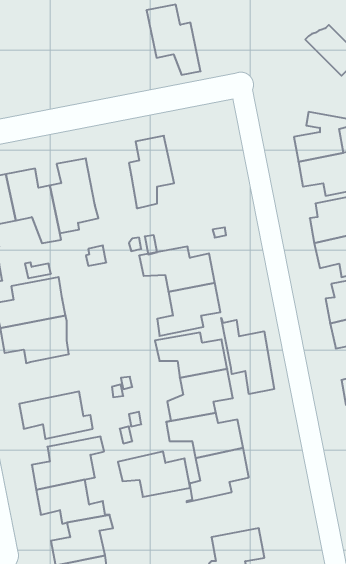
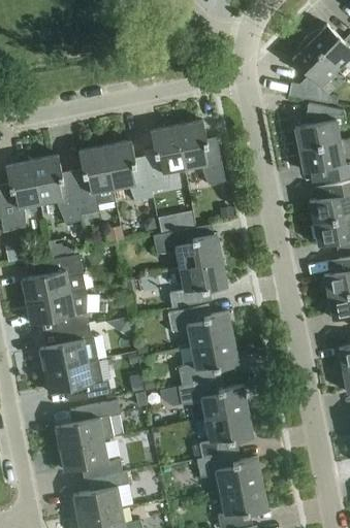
building: [146,5,201,75] -> [176,121,225,185]
building: none -> [288,38,338,104]
building: none -> [104,140,153,201]
building: [221,318,274,394] -> none
building: none -> [39,325,98,370]
building: [118,452,190,497] -> [196,451,262,492]

